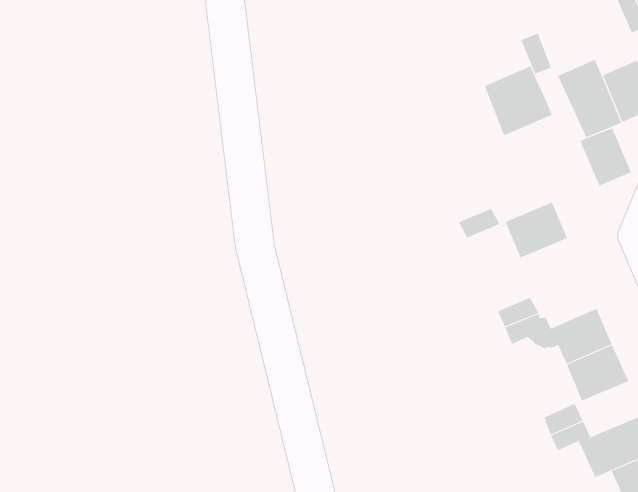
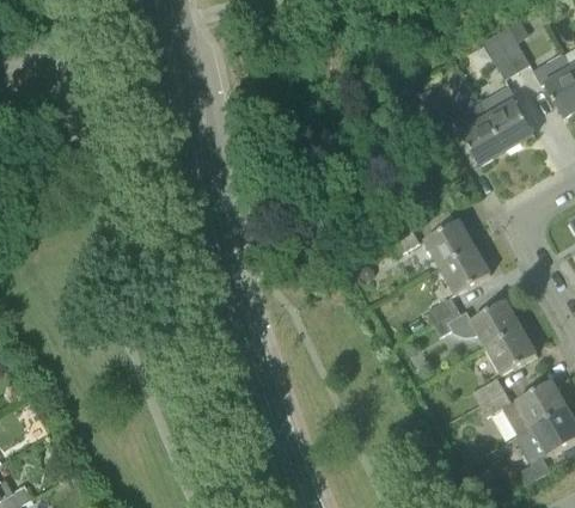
building: [484,65,553,136] -> none
building: [579,127,631,186] -> none
building: none -> [439,246,490,294]

